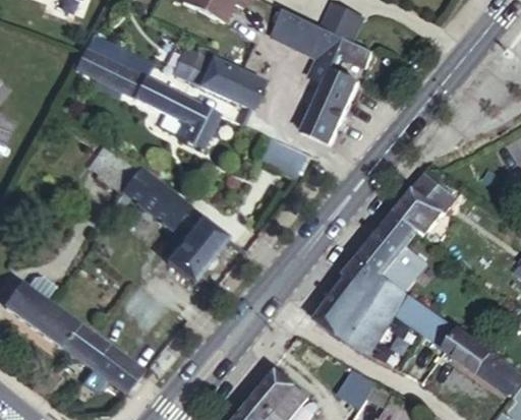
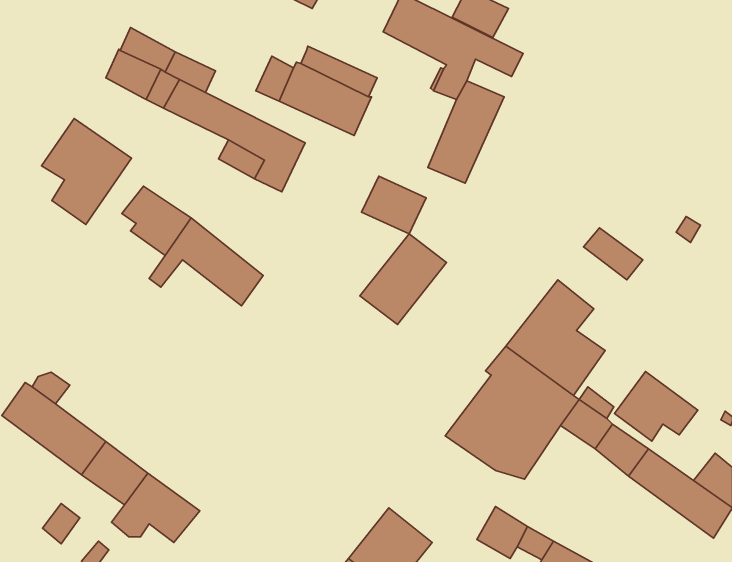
building: none -> [41,119,132,225]
building: [395,187,444,235] -> none
building: [166,218,227,282] -> [360,234,447,325]
building: none -> [614,372,698,441]

